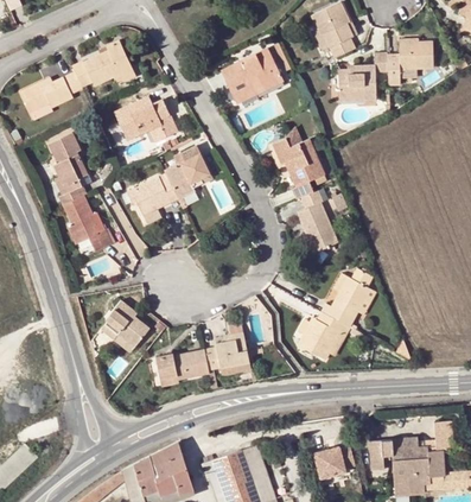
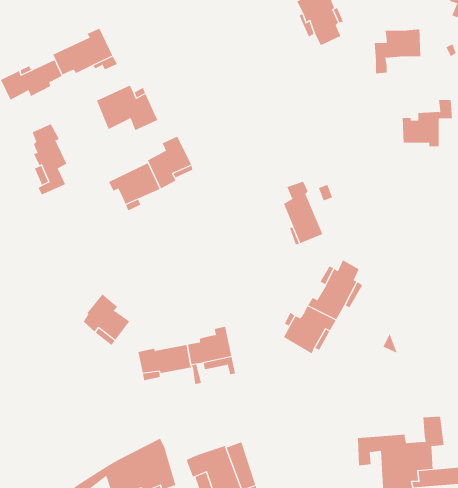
building: [221,49,284,102] -> none
building: [338,53,388,100] -> [402,99,453,147]
building: [273,139,326,198] -> none
building: [62,195,112,250] -> none
building: [308,443,349,476] -> none

